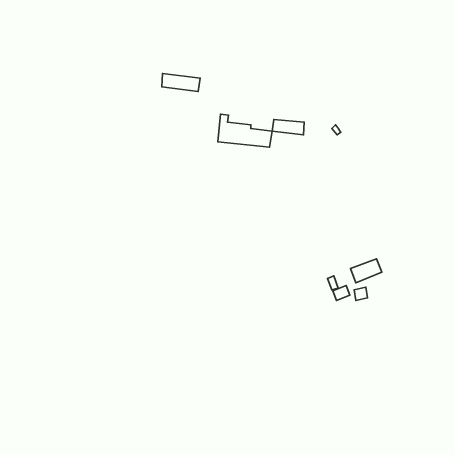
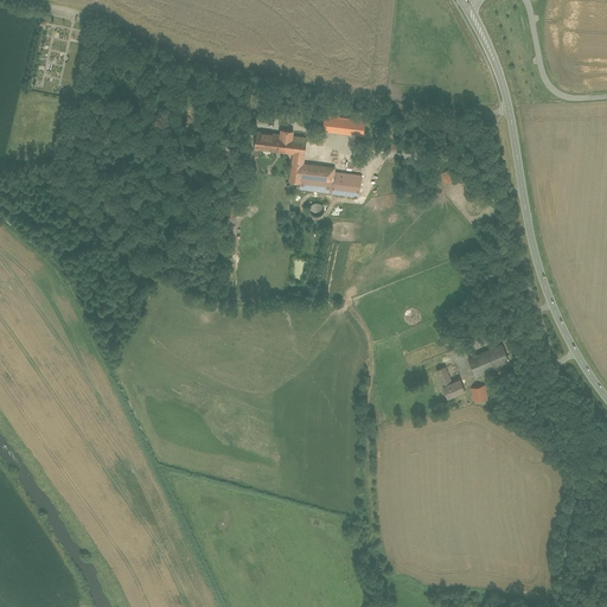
building: [162,74,200,91] -> [255,129,306,153]
building: [272,120,304,135] -> [321,114,364,134]

